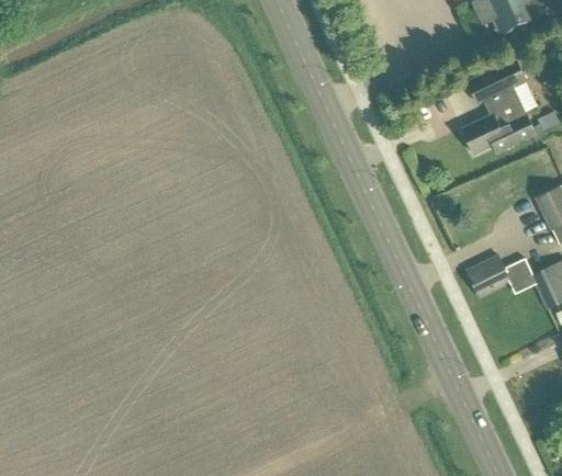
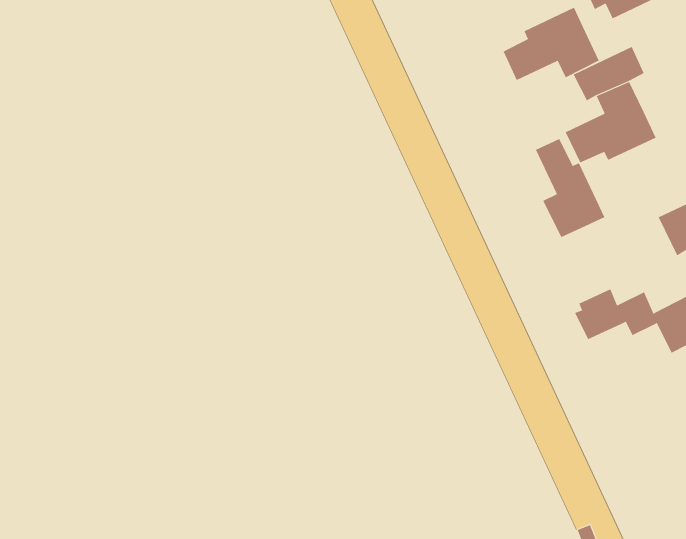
building: none -> [503,7,600,81]
building: none -> [535,138,605,238]

